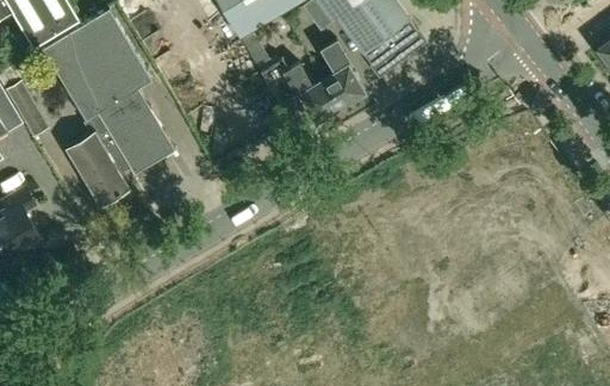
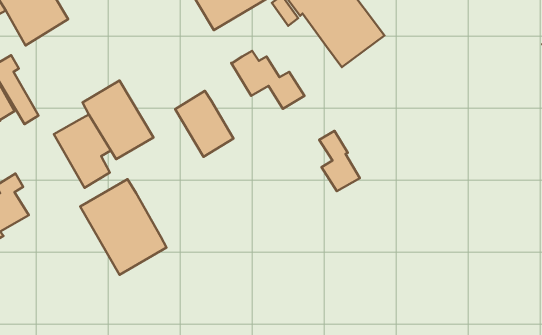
building: [35,8,151,120] -> none
building: [319,41,363,106] -> [319,131,360,191]
building: none -> [175,91,233,157]
building: none -> [80,179,167,275]

